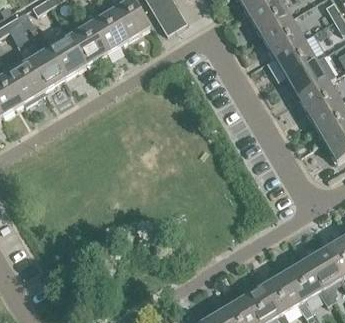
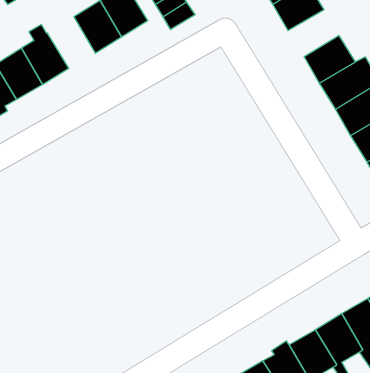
building: [261,17,302,55] -> none
building: [69,23,107,64] -> none

